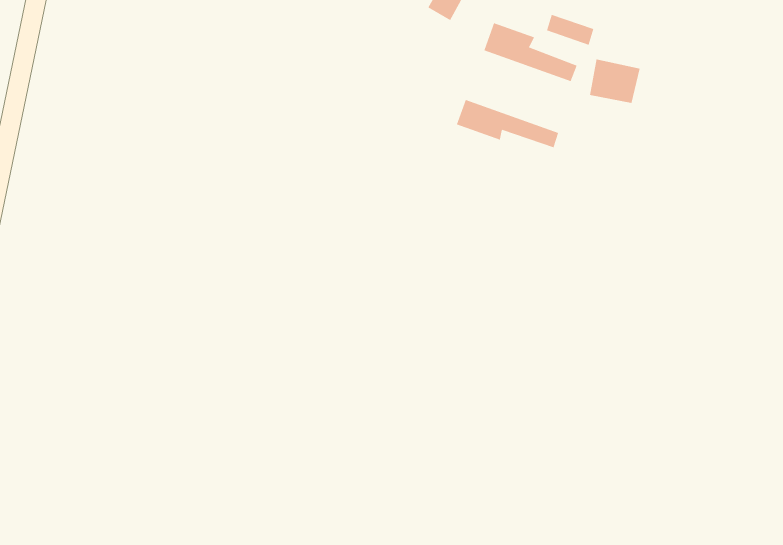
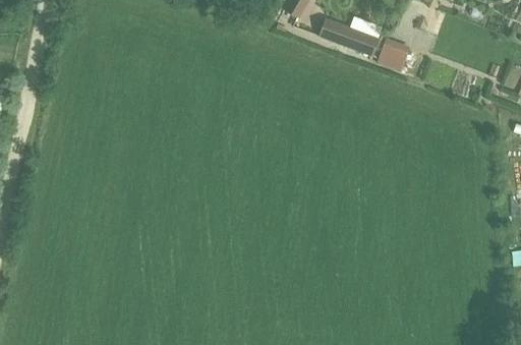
building: [456,99,559,148] -> none

